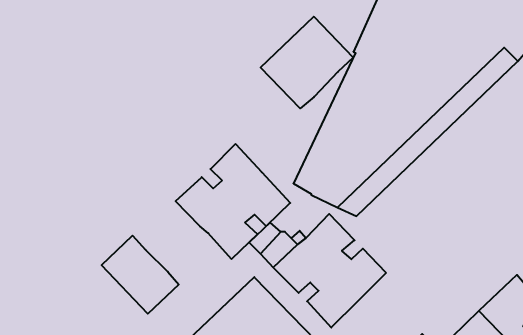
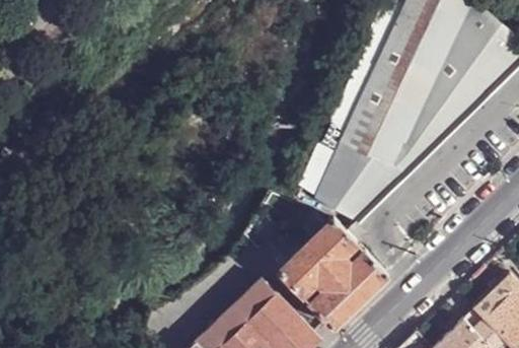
building: [261,17,353,108] -> none
building: [176,144,290,259] -> none
building: [102,236,179,314] -> none

